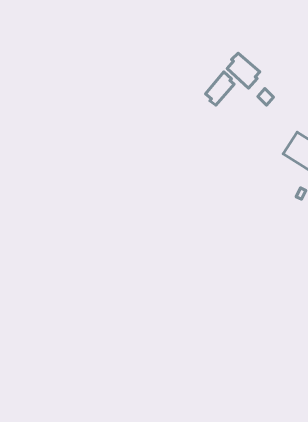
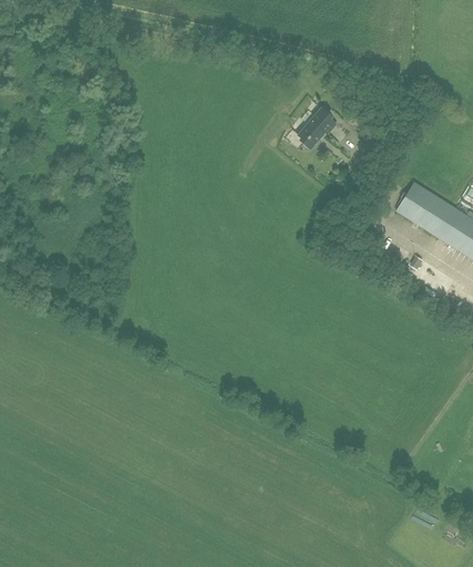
building: [227,53,260,88] -> none

